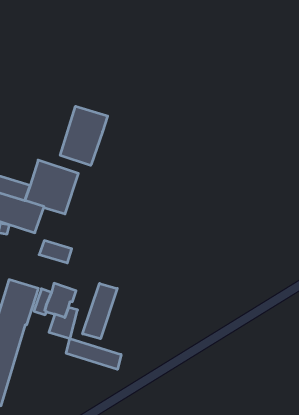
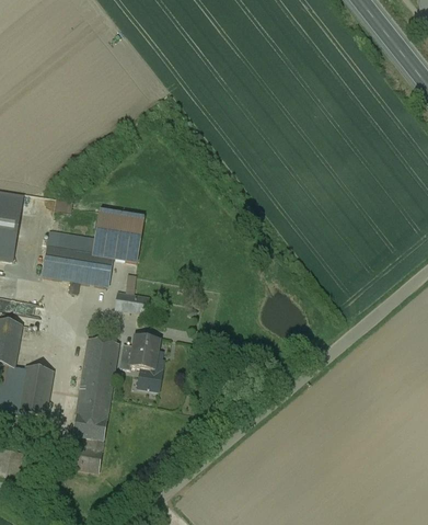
building: [60,106,108,165] -> none
building: [83,283,117,339] -> none
building: [66,339,121,369] -> none

